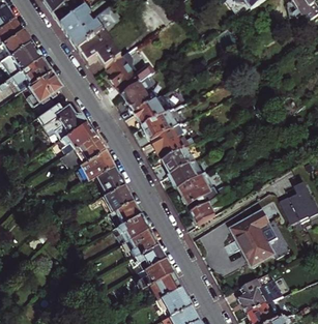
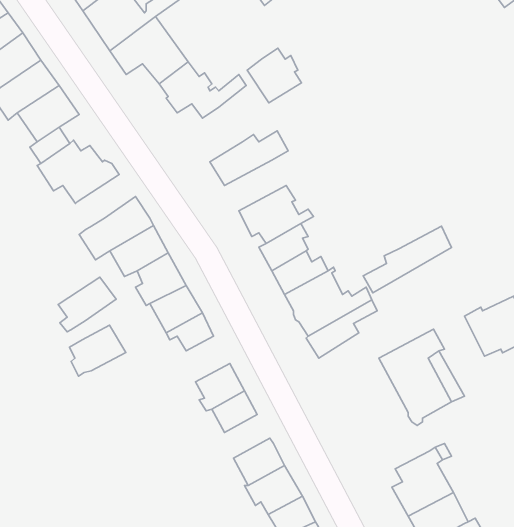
building: [123,83,154,114] -> [247,48,302,103]
building: [144,113,179,142] -> none
building: [60,121,93,152] -> [58,277,116,332]
building: none -> [363,226,452,293]
building: [115,213,147,242] -> [69,325,126,376]
building: [136,258,170,289] -> none

